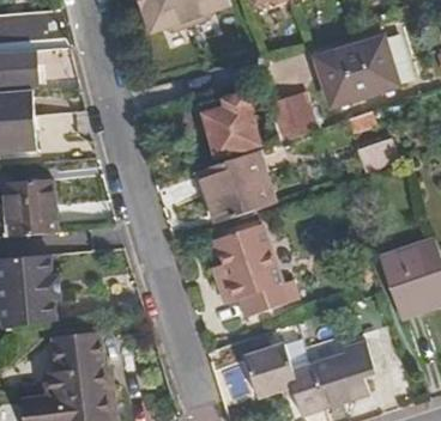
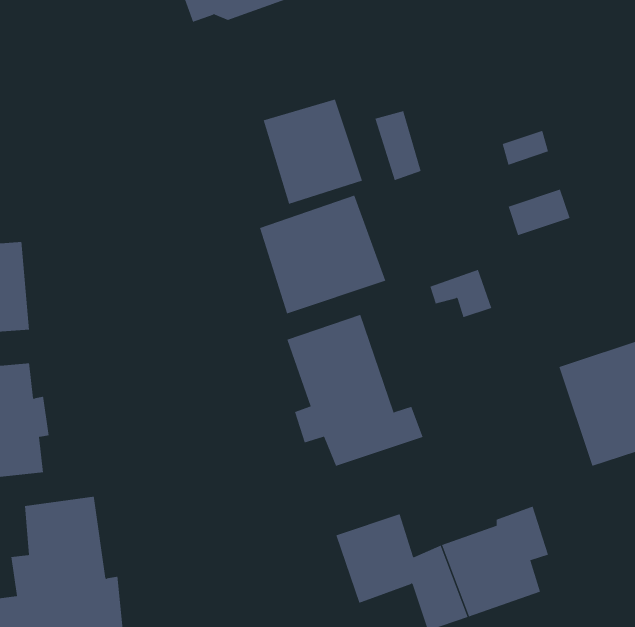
building: [314,36,398,108] -> none

